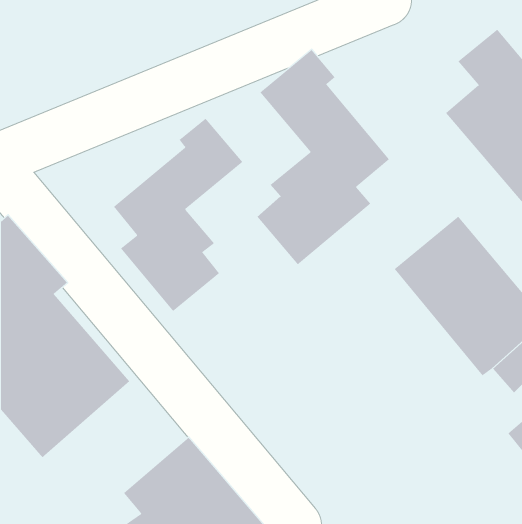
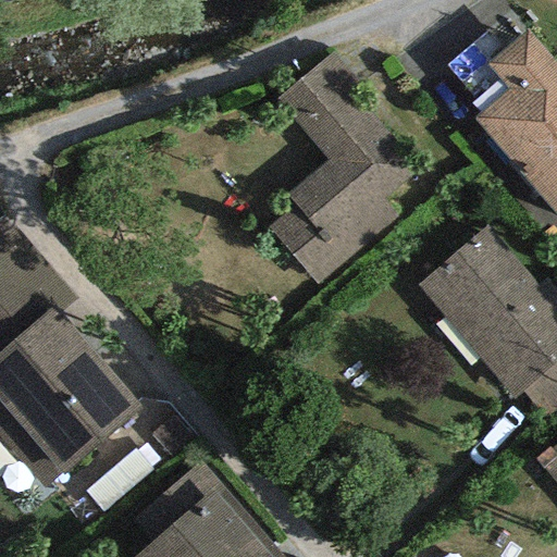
building: [113,118,243,312] -> none

